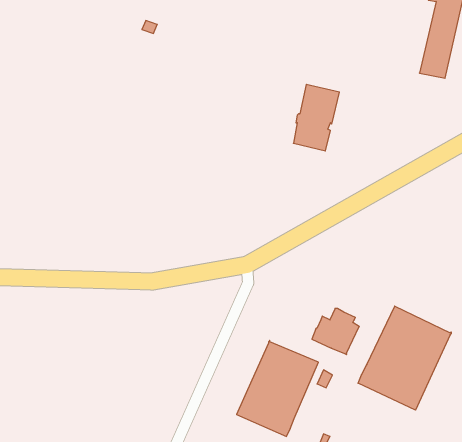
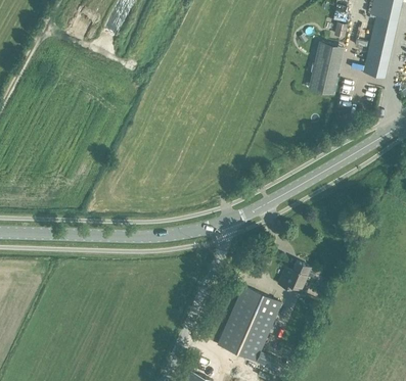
building: [293,84,339,151] -> [309,42,346,95]
building: [358,306,451,410] -> none

